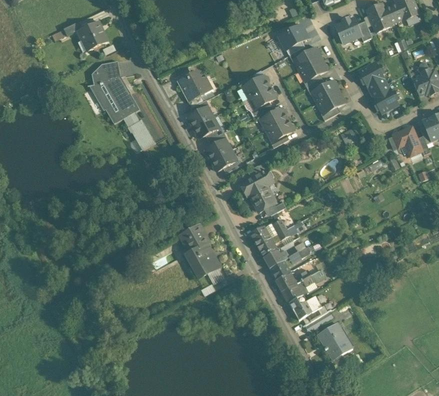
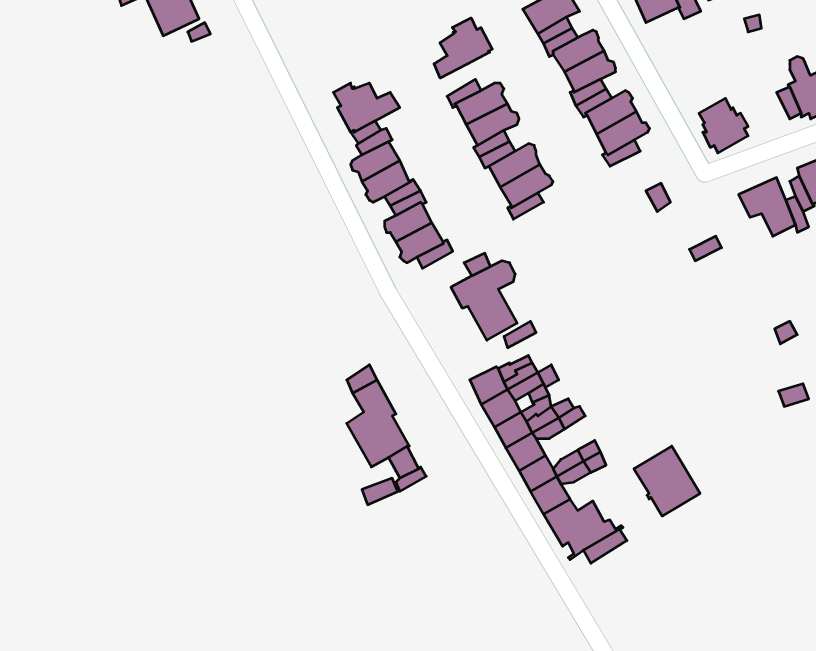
building: none -> [434,18,492,78]
building: [87,60,155,153] -> none
building: [359,62,385,91] -> none
building: [317,323,352,360] -> [634,446,700,516]

